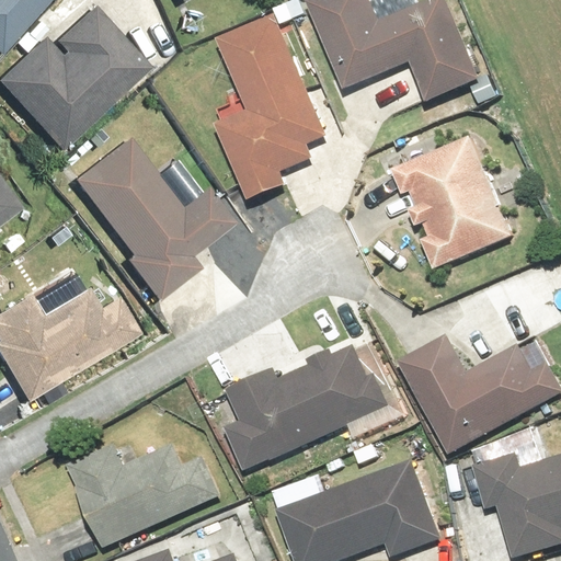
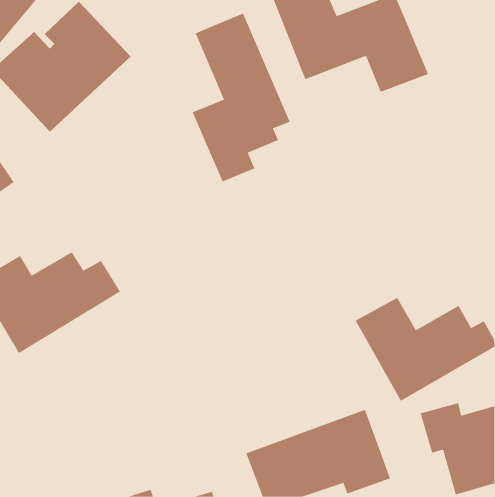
building: [67,136,230,300] -> none
building: [390,136,512,268] -> none
building: [226,345,389,469] -> none
building: [67,443,221,547] -> none

